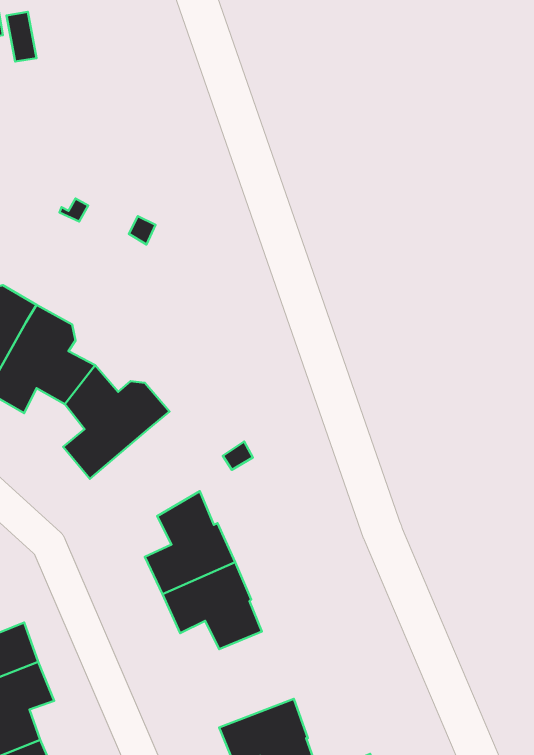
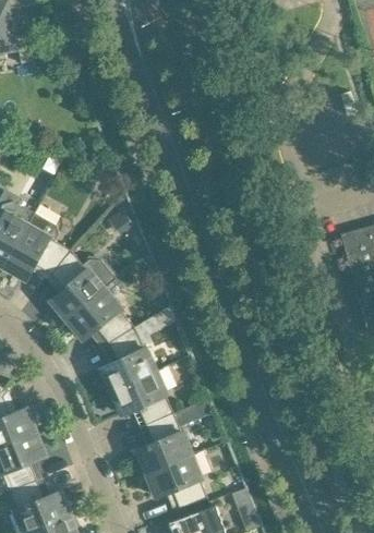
building: none -> [67,289,134,343]
building: none -> [136,414,192,473]

